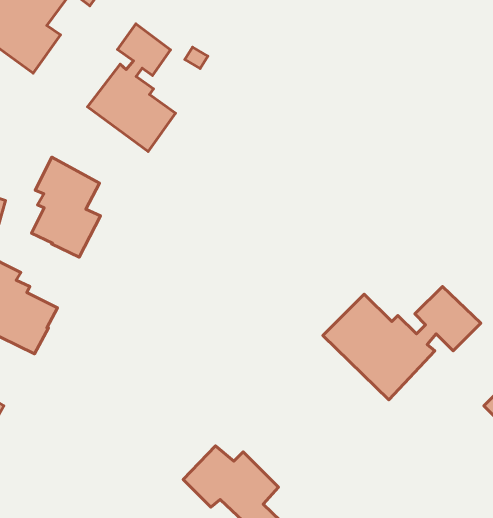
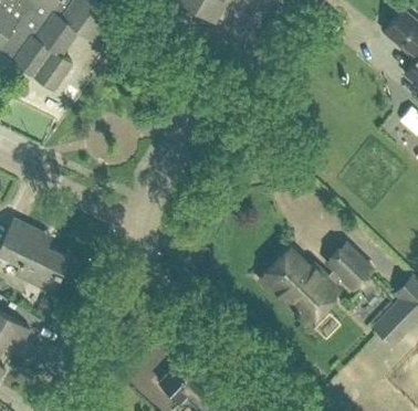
building: [87,24,175,151] -> none
building: [31,157,101,257] -> none

